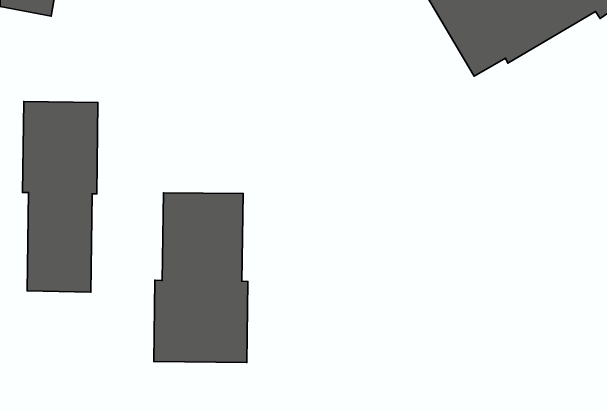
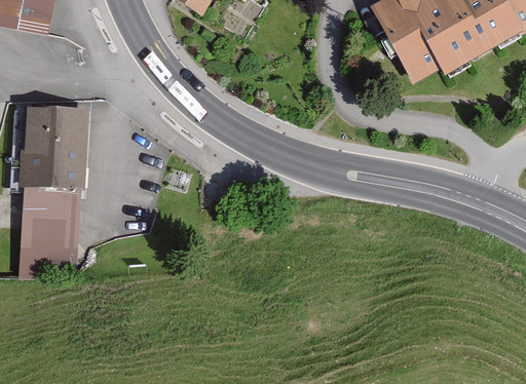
building: [154,193,248,363] -> none

